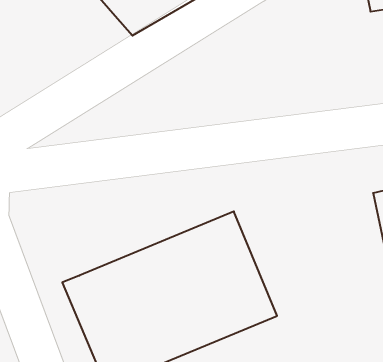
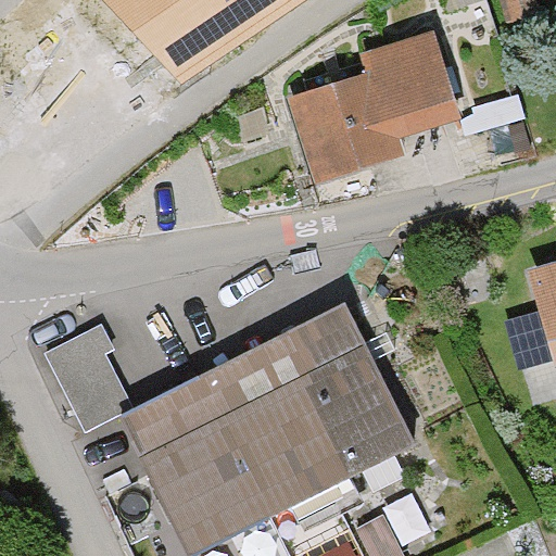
building: none -> [289,30,455,185]
building: none -> [53,324,139,430]

